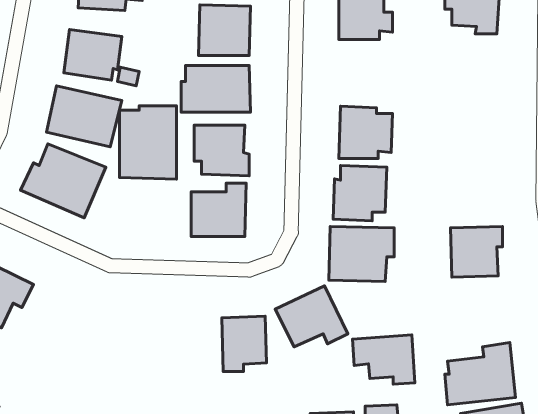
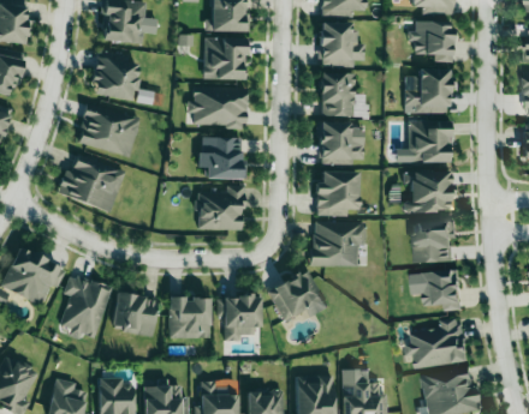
building: none -> [404,68,450,113]
building: none -> [320,72,367,116]
building: none -> [408,120,451,162]
building: [120,106,176,179] -> none
building: none -> [404,170,452,211]
building: none -> [60,274,112,338]
building: none -> [113,293,156,336]
building: none -> [168,298,210,338]
building: [353,335,415,384] -> [410,270,462,311]

